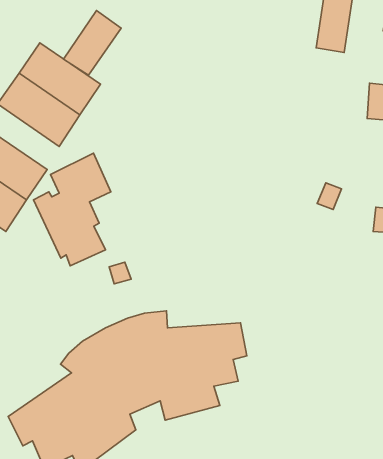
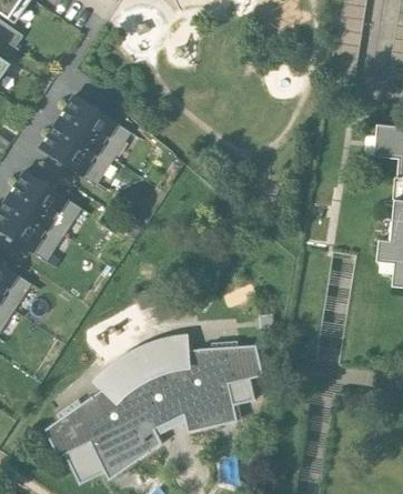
building: [63,11,121,75] -> none
building: [33,153,111,266] -> none

